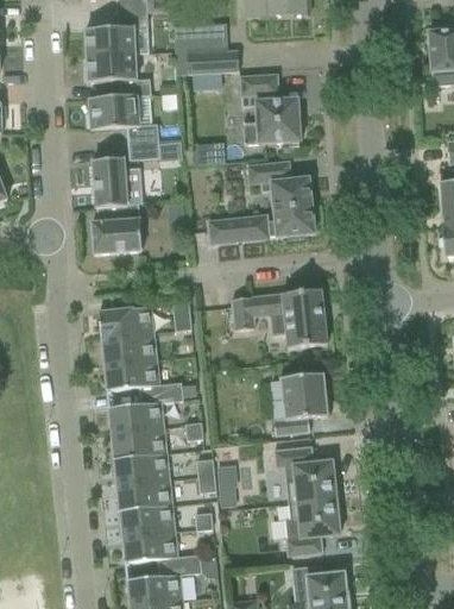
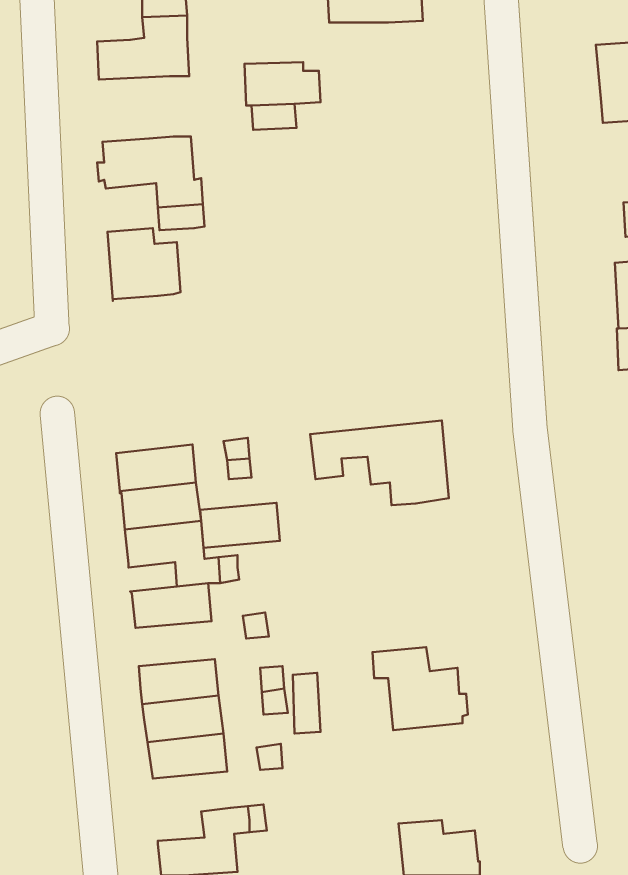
building: [83,52,151,95] -> none
building: [240,73,301,143] -> none
building: [209,161,317,243] -> none
building: [92,202,141,252] -> none
building: [273,372,328,434] -> none
building: [112,427,166,458] -> [200,503,280,548]
building: [285,497,340,555] -> none
building: [124,530,177,561] -> none

